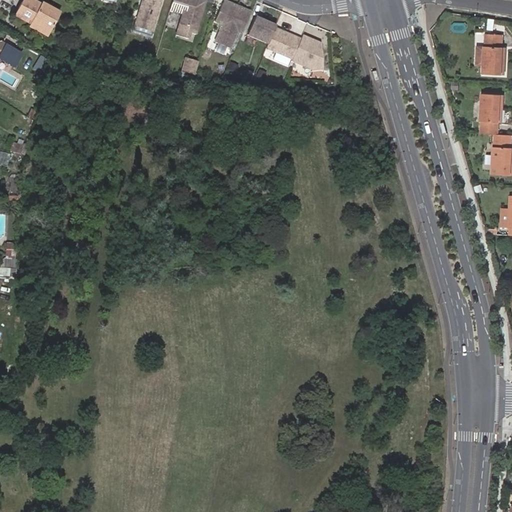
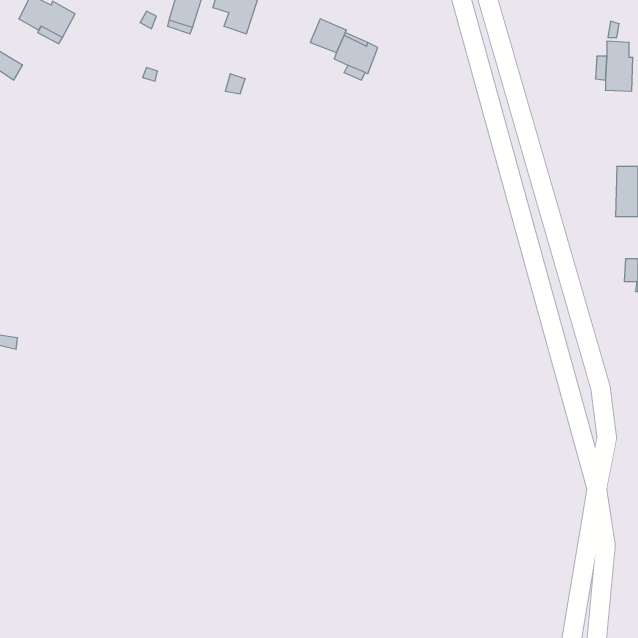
building: [215,4,250,46] -> none
building: [293,34,324,68] -> none
building: [480,92,504,133] -> none

